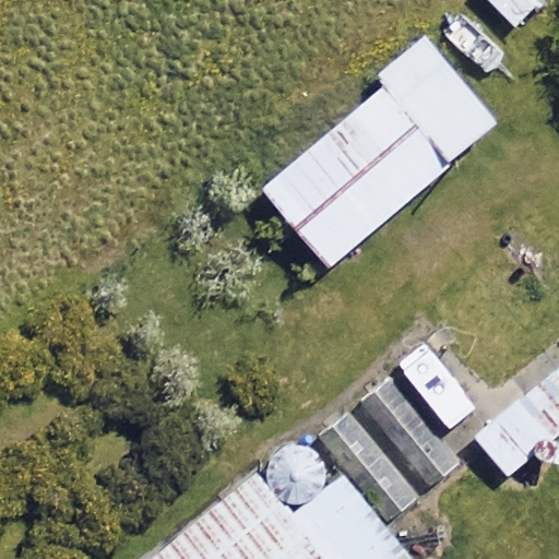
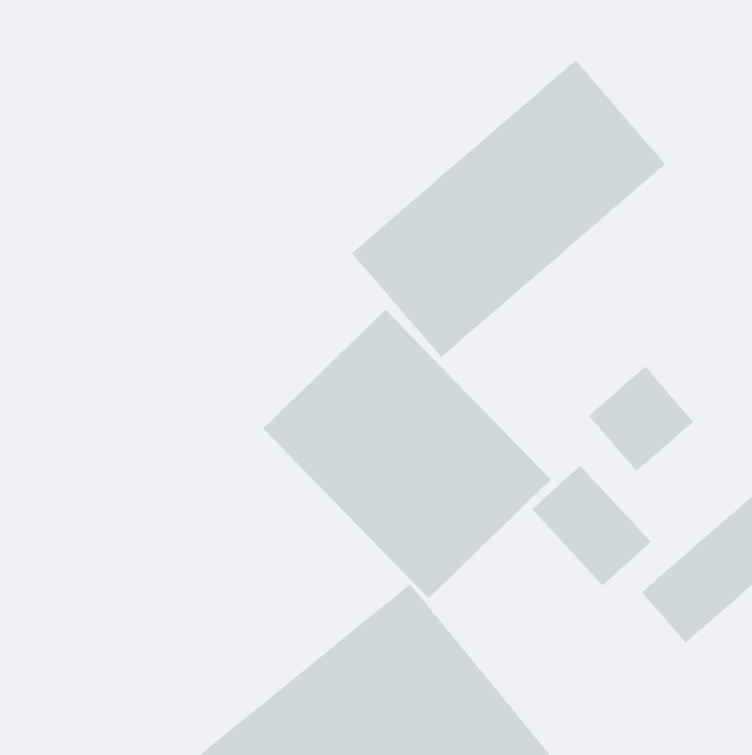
building: none -> [263,309,551,599]
building: [326,383,457,515] -> none

